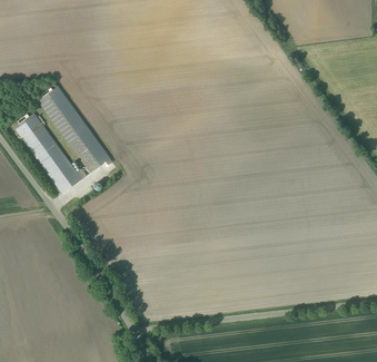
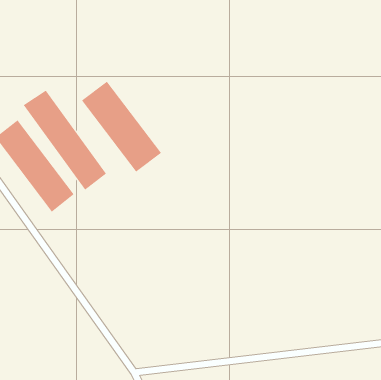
building: none -> [81,81,162,173]

